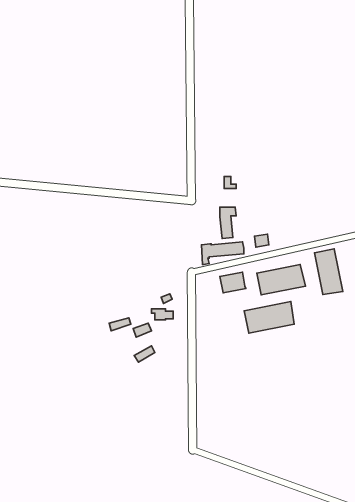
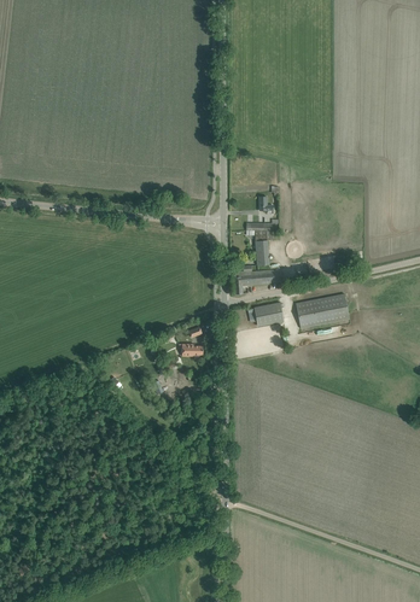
building: [315,249,343,294] -> none
building: [244,301,294,333] -> none

